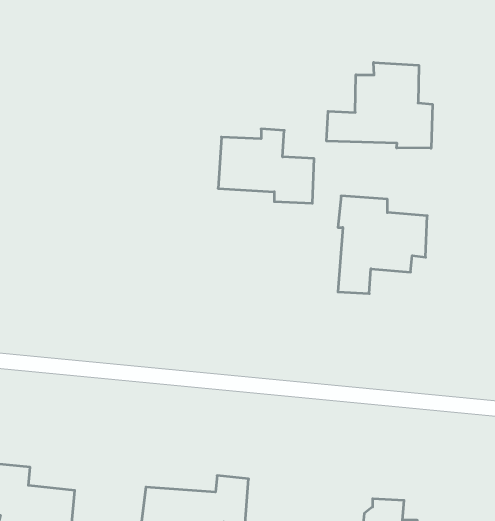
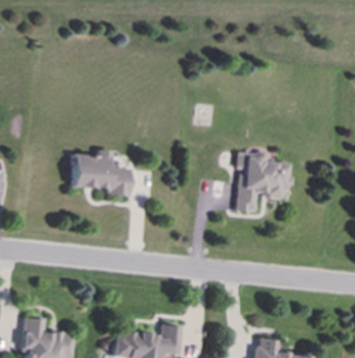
building: [327,62,432,148] -> none
building: [218,129,314,203] -> [72,149,131,195]

